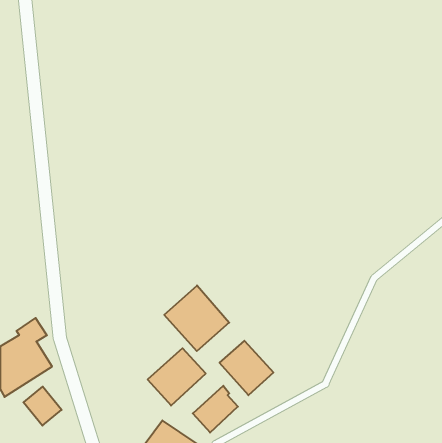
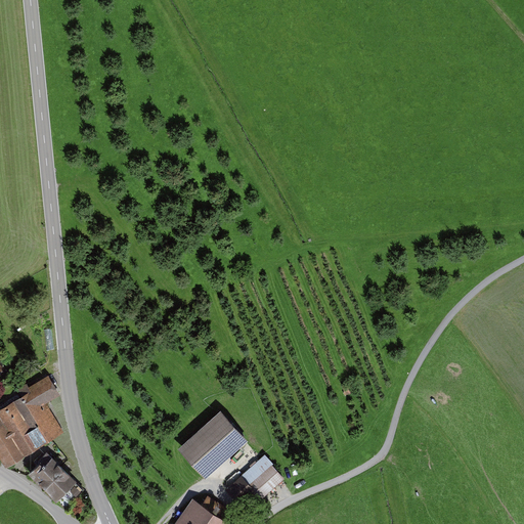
building: [164,285,229,351] -> none
building: [220,341,273,395] -> none

